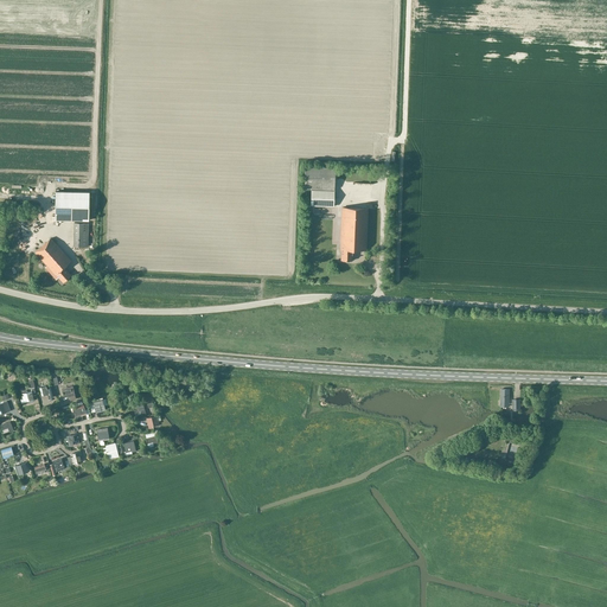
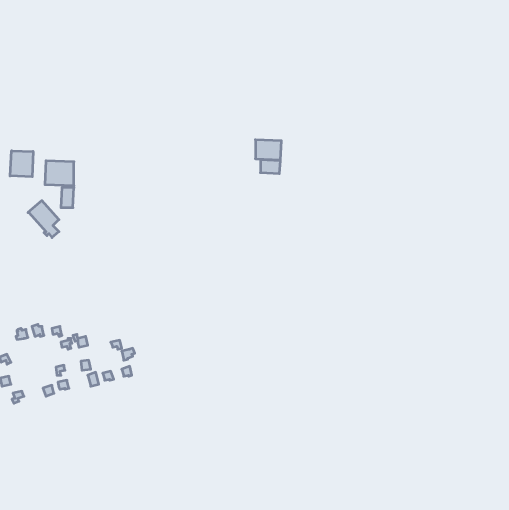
building: none -> [10,151,33,177]
building: [339,206,366,261] -> none

